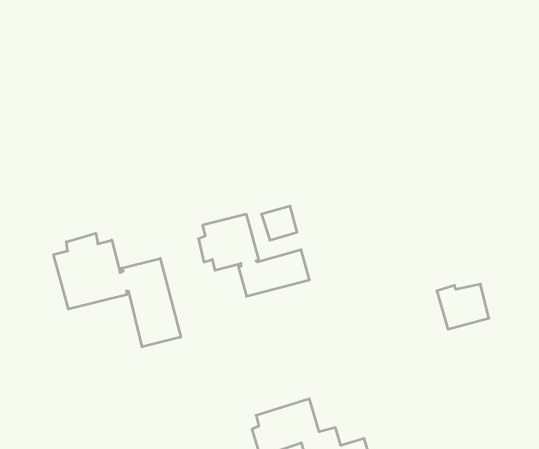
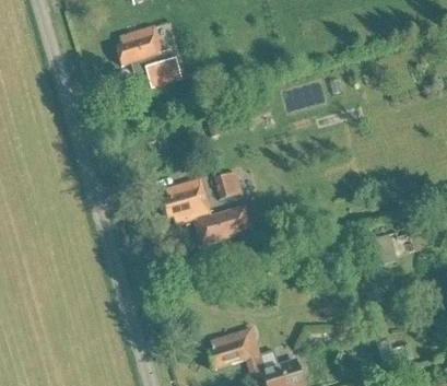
building: none -> [118,26,181,86]
building: [54,233,181,347] -> none

